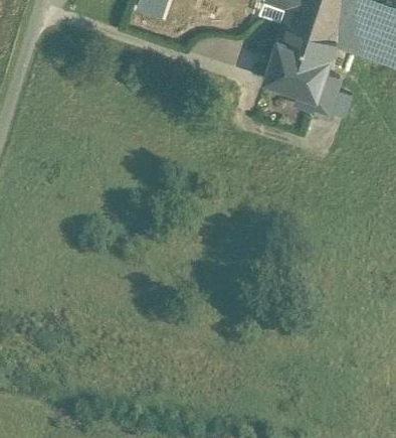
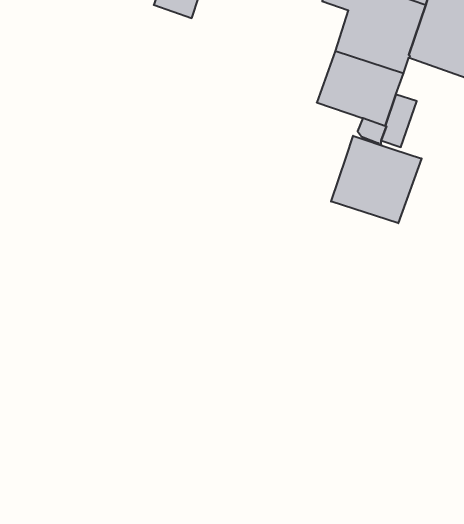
building: none -> [331,136,422,223]

